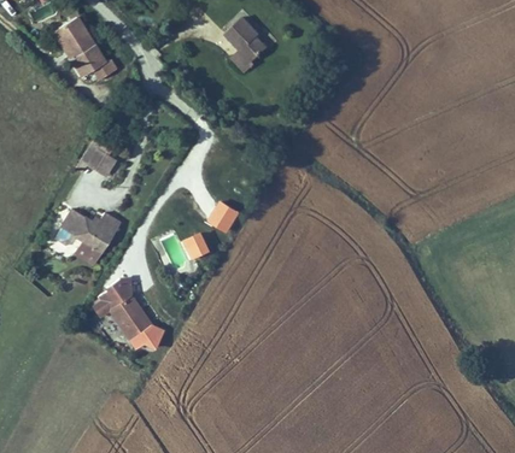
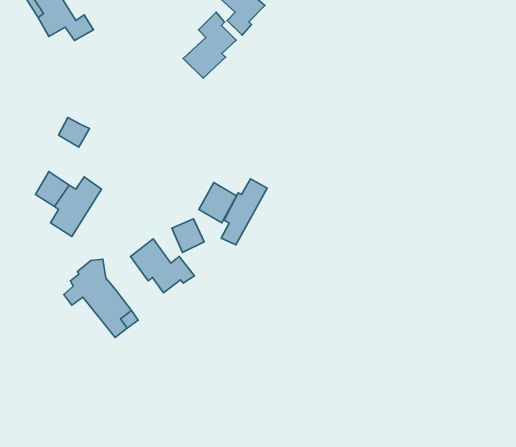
building: none -> [183,12,236,78]
building: none -> [221,179,267,245]
building: none -> [131,239,194,293]

